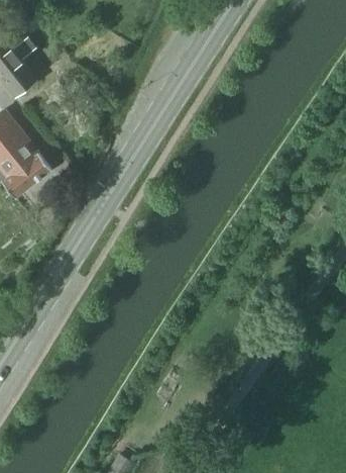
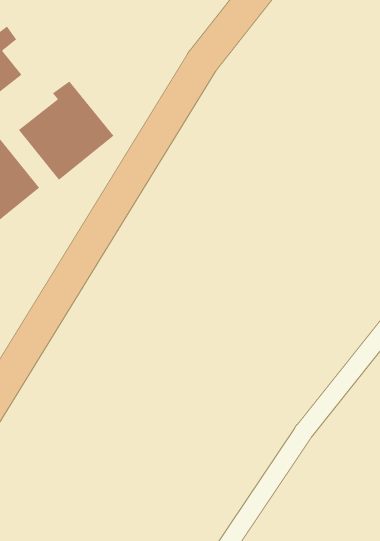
building: none -> [18,81,115,181]

